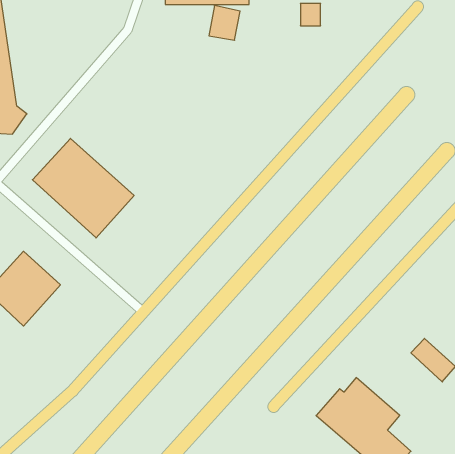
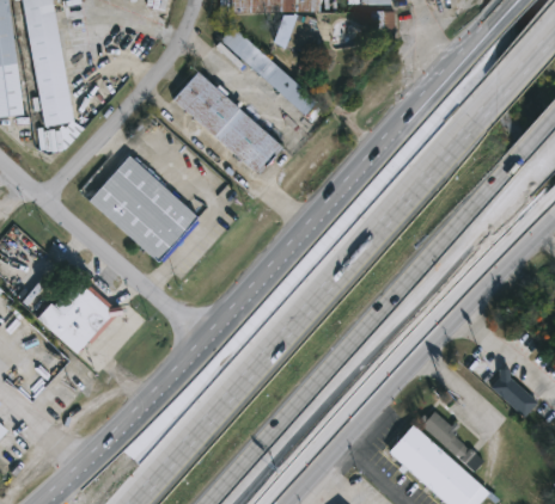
building: none -> [220,24,317,115]
building: none -> [173,73,283,173]

